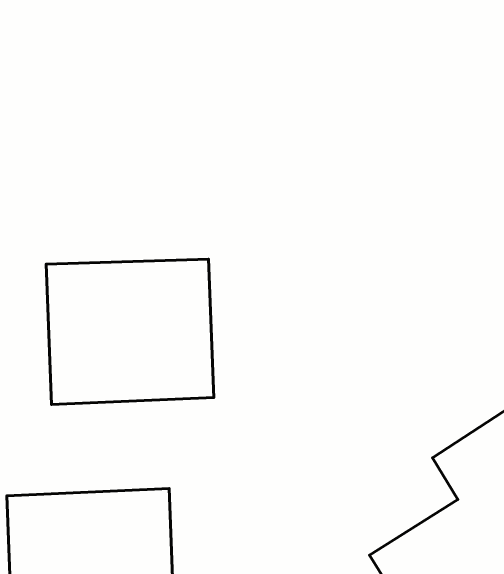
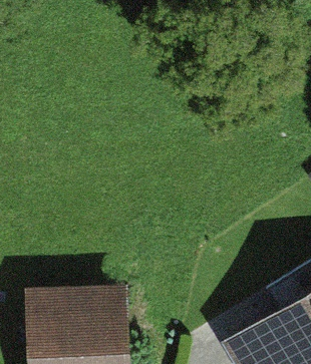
building: [46,259,214,404] -> none

